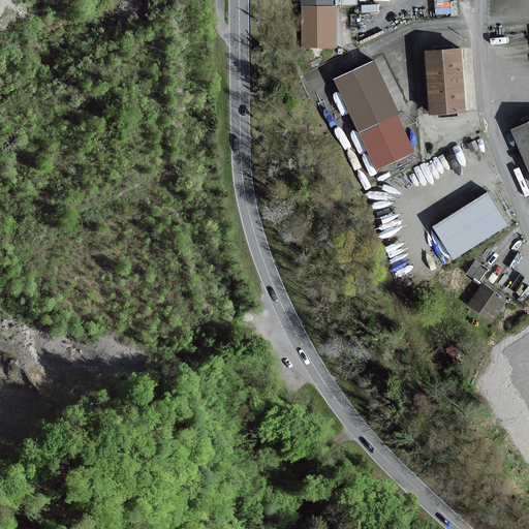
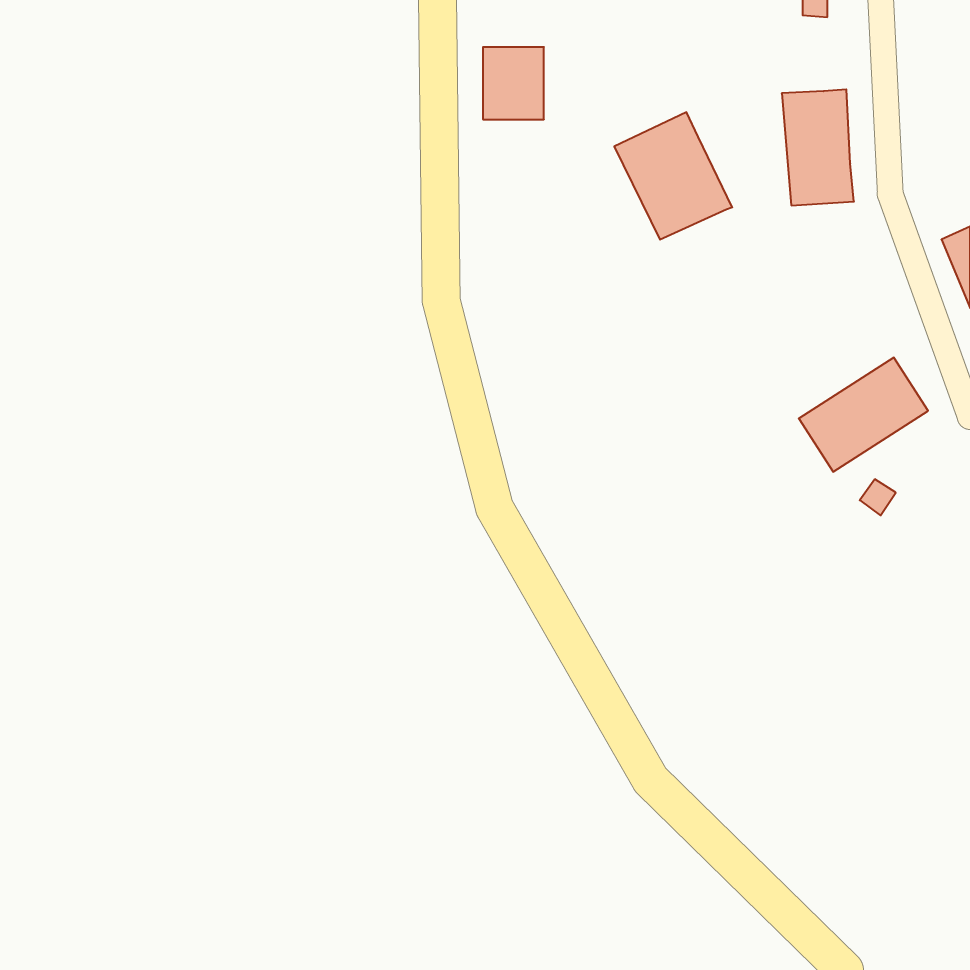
building: [302,6,335,45] -> [483,47,544,119]
building: [359,114,412,167] -> none
building: [469,284,504,319] -> none

